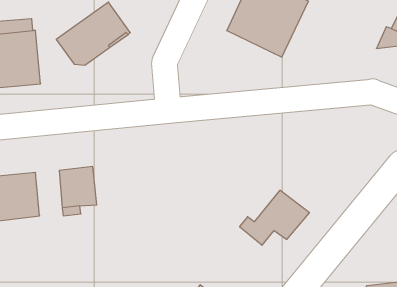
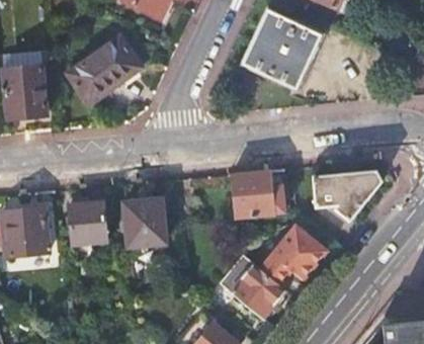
building: none -> [232,171,284,219]
building: none -> [315,171,384,221]
building: none -> [124,199,166,248]
building: none -> [219,255,285,319]

